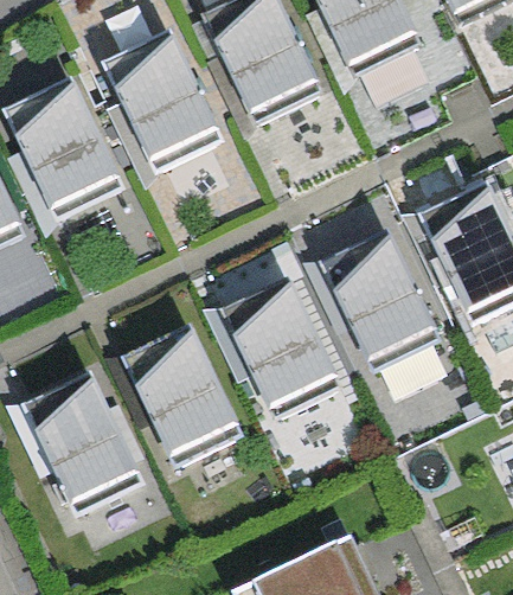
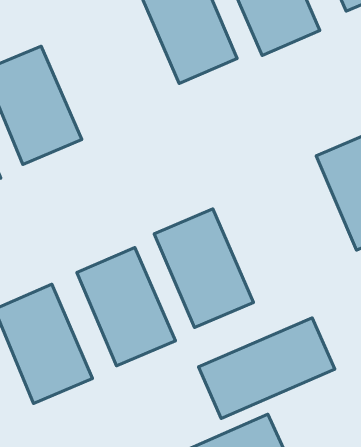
building: [103,30,224,175] -> none
building: [319,231,440,378] -> none
building: none -> [199,318,335,418]

